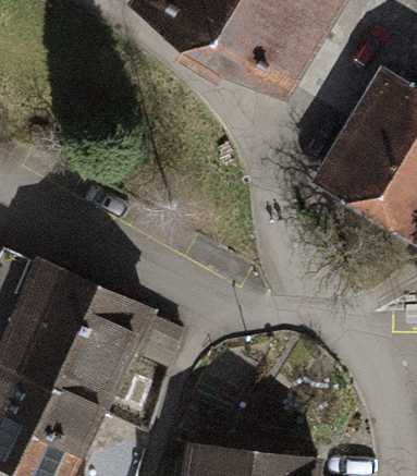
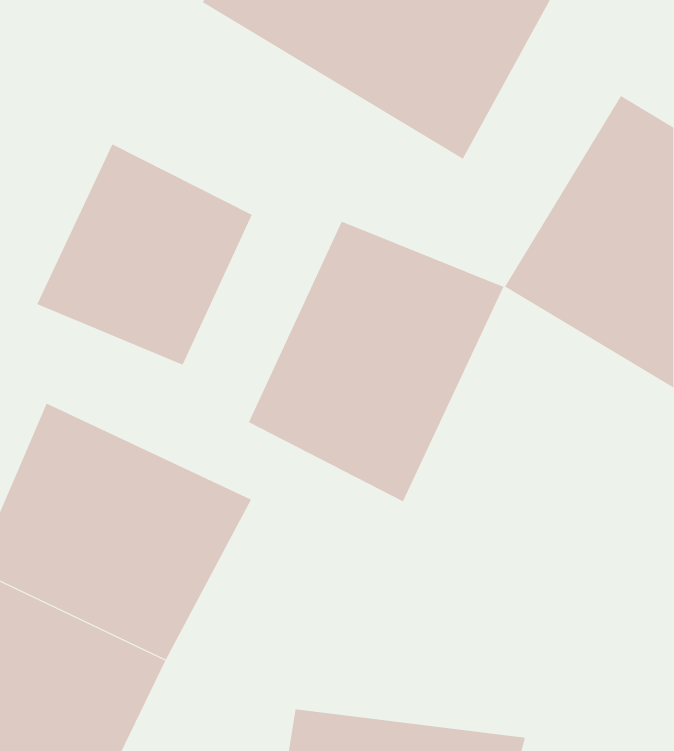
building: none -> [37,144,253,365]
building: none -> [248,221,504,502]

